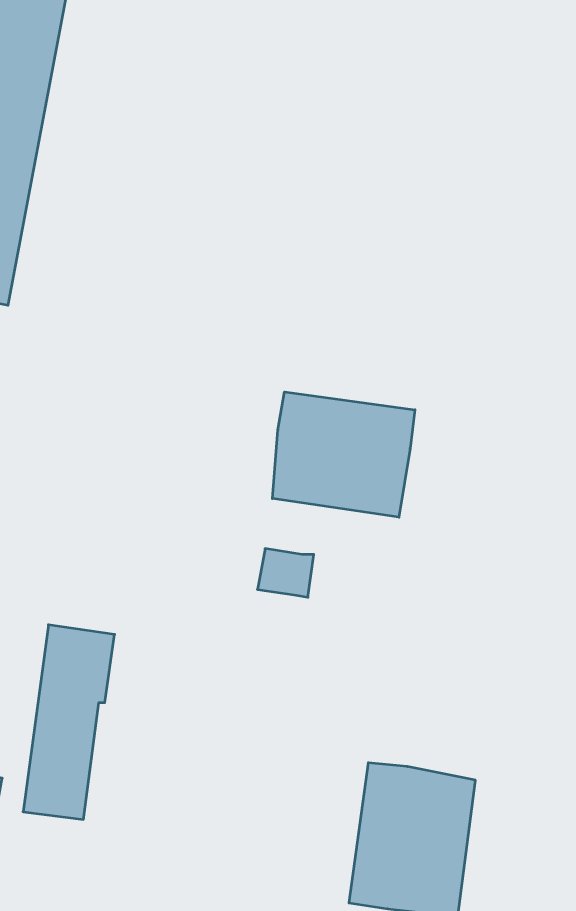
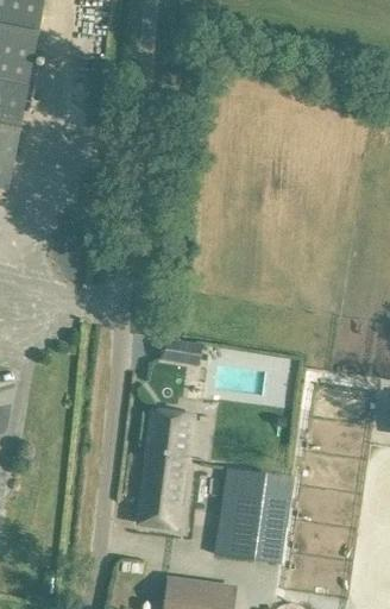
building: [272,392,415,517] -> none
building: [23,625,115,819] -> [138,407,194,526]

